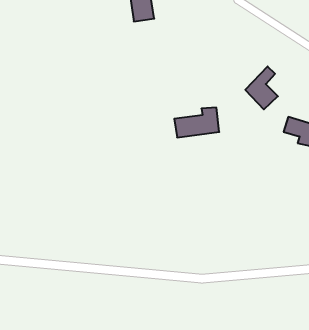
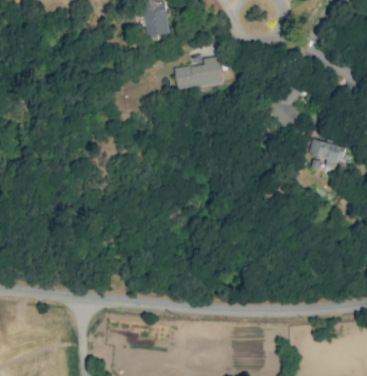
building: [174,108,219,137] -> [174,57,222,89]

